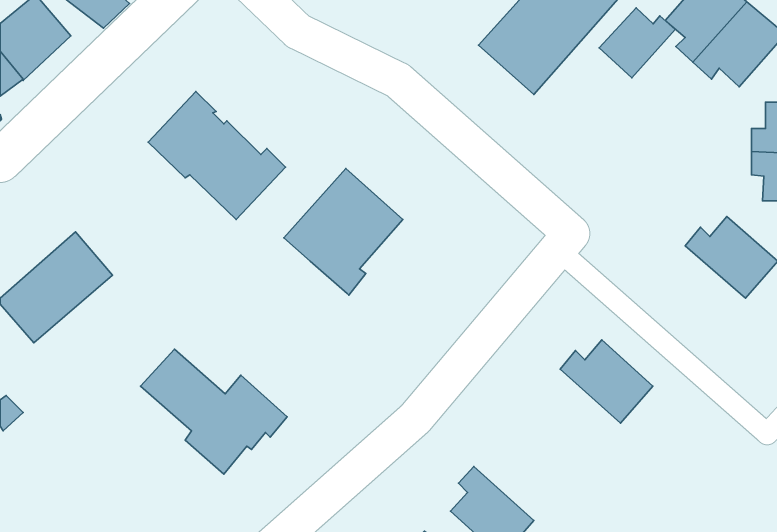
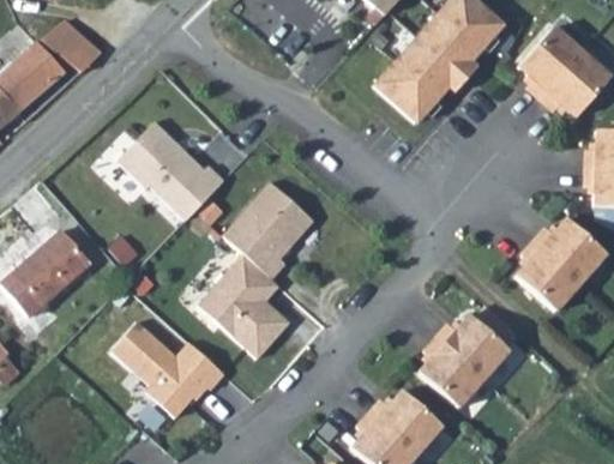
building: [599,8,675,78] -> none
building: none -> [516,241,582,312]
building: none -> [199,253,291,358]
building: none -> [419,337,484,408]
building: none -> [371,390,443,454]

